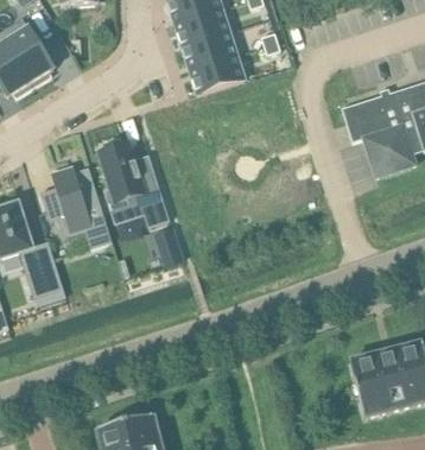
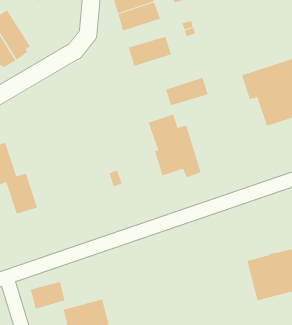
building: [179,30,239,69] -> [165,77,208,106]
building: [95,139,169,227] -> [148,114,202,178]
building: [39,165,110,248] -> none
building: none -> [30,281,65,310]

